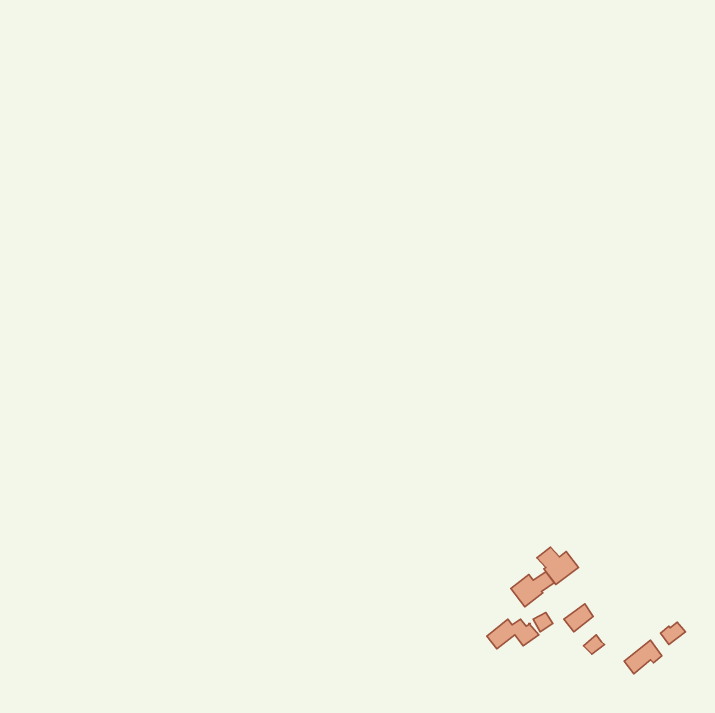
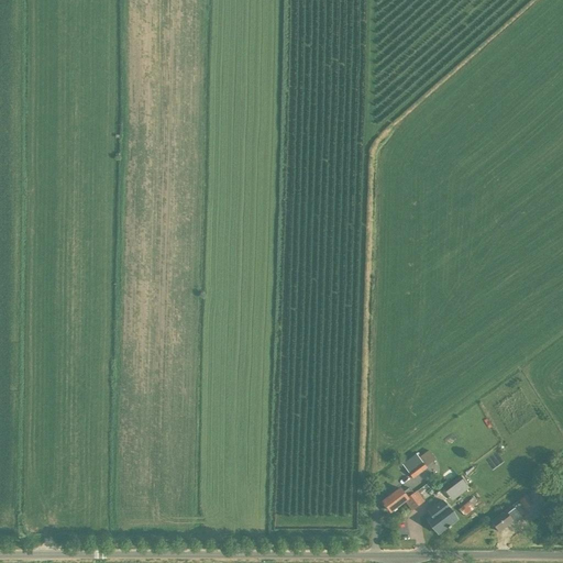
building: [537,547,578,585] -> none
building: none -> [427,499,457,532]

